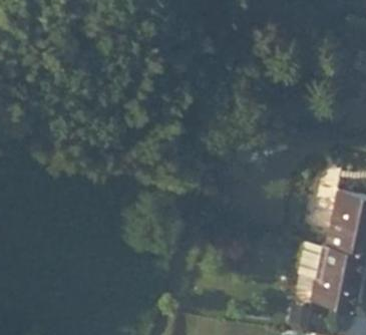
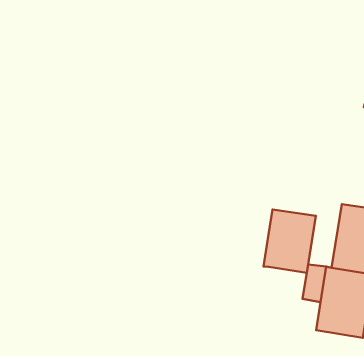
building: none -> [263,210,316,273]

